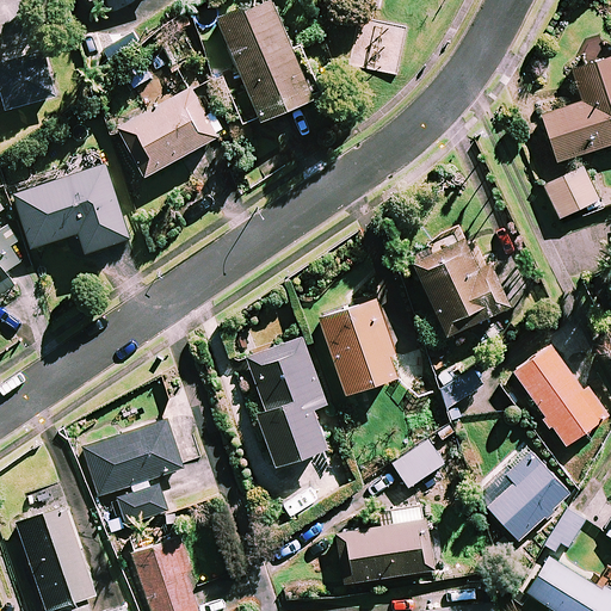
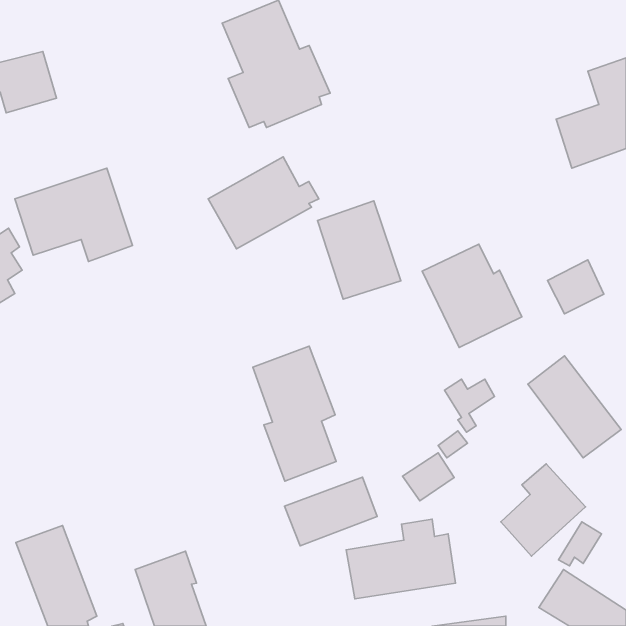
building: [117,88,224,178] -> [208,157,319,249]
building: [543,166,598,218] -> [547,260,604,314]
building: [320,300,401,395] -> [317,201,401,299]
building: [82,419,181,524] -> none
building: none -> [285,477,377,546]

